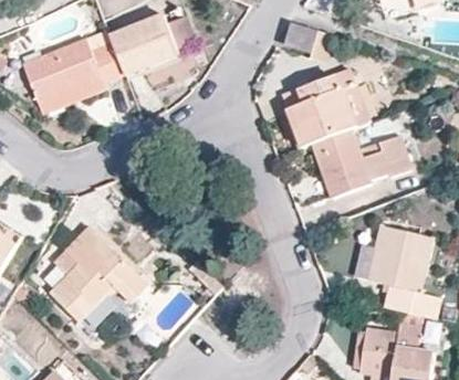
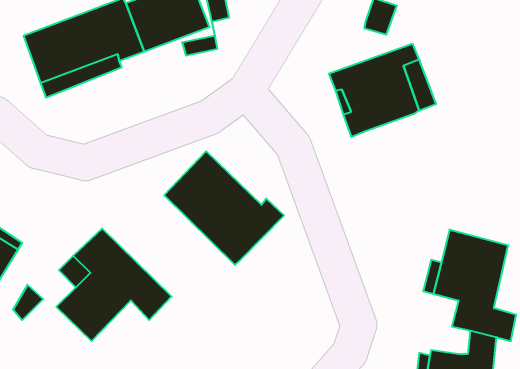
building: [311,128,414,198] -> none
building: none -> [164,151,284,265]

